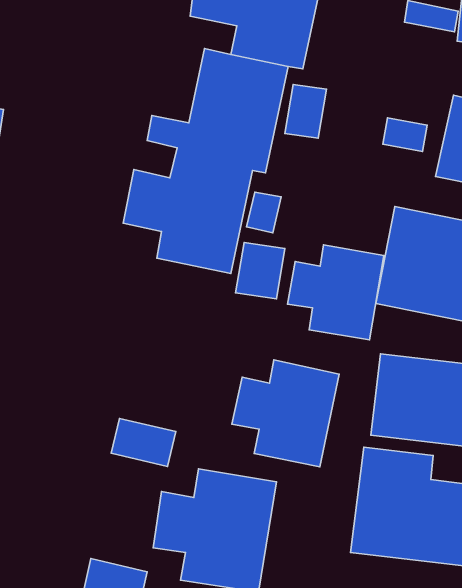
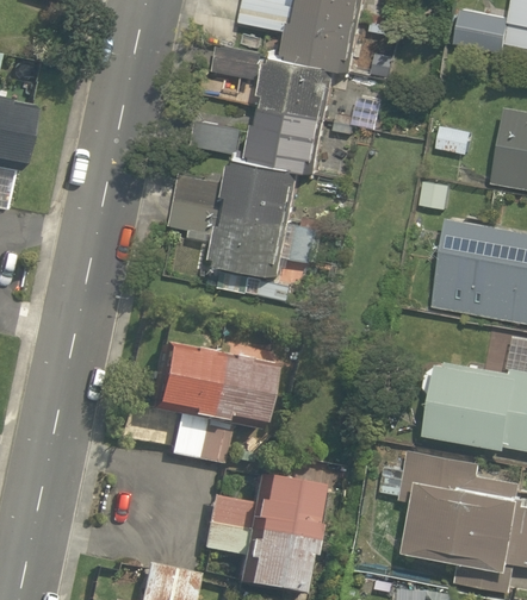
building: [287,245,384,340] -> none
building: none -> [131,340,259,421]
building: [232,360,339,467] -> none

